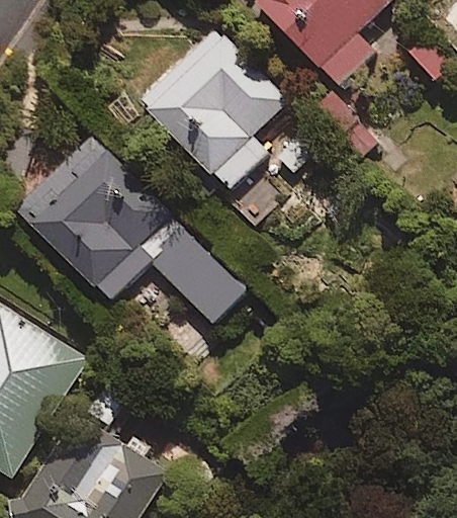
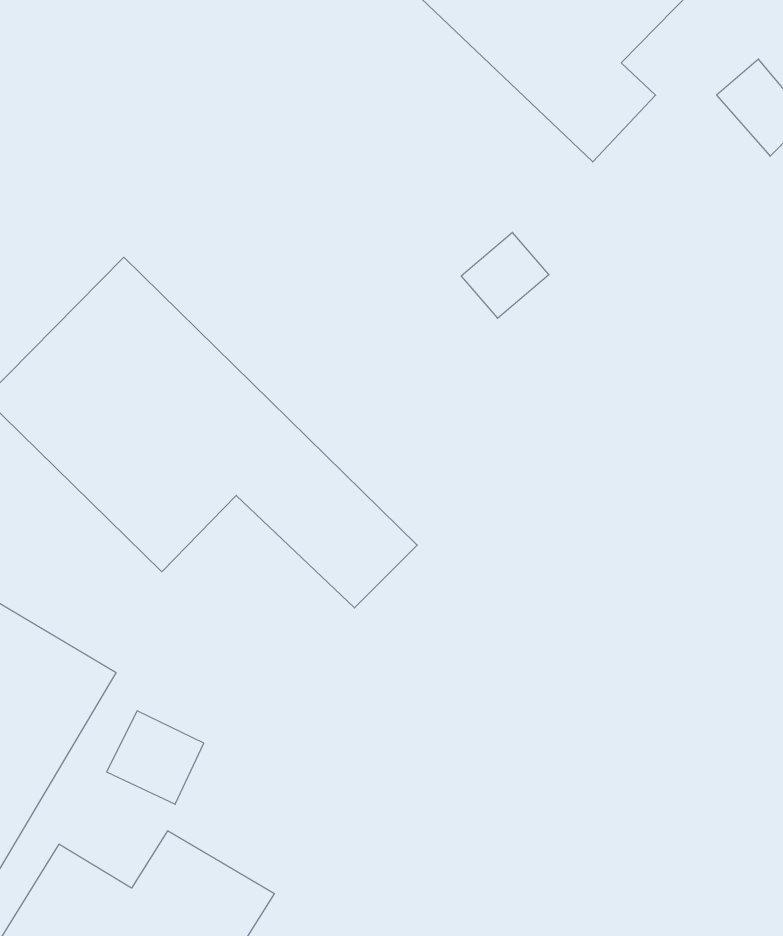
building: [125,15,286,191] -> none

